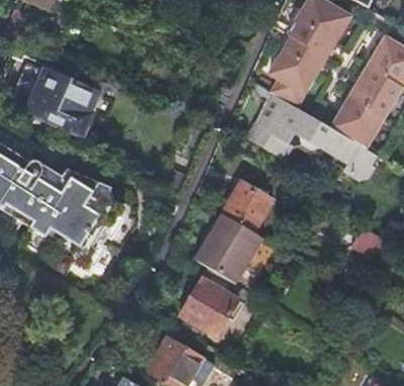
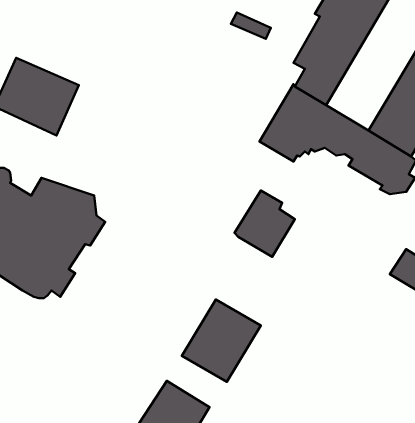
building: [199,214,265,283] -> none

